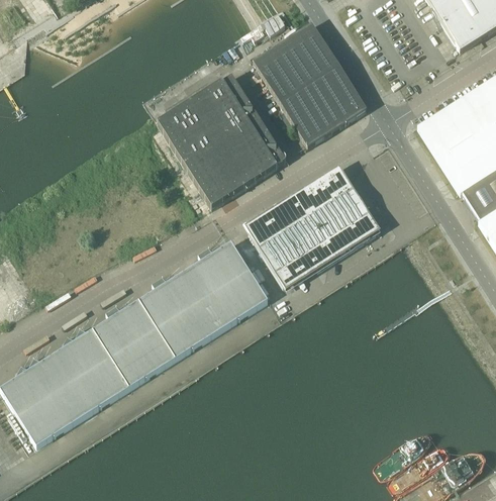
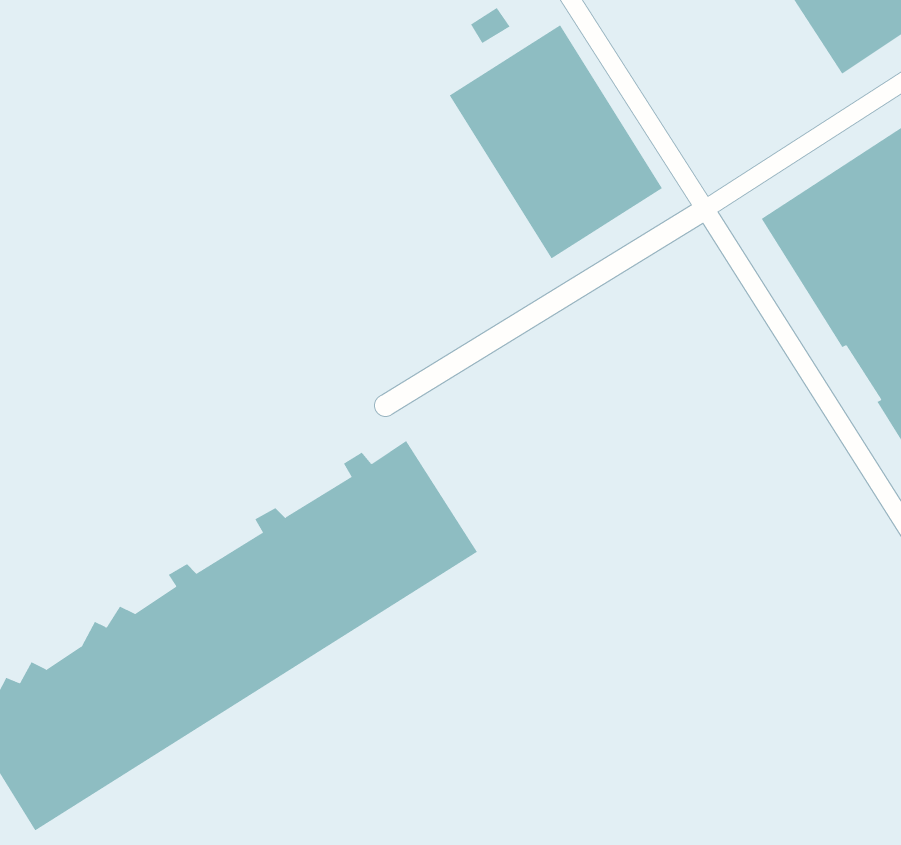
building: [158,75,286,207] -> none
building: [244,166,380,290] -> none

